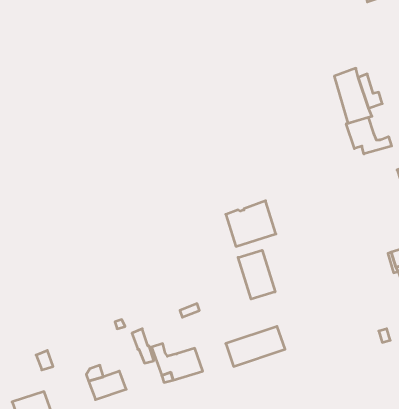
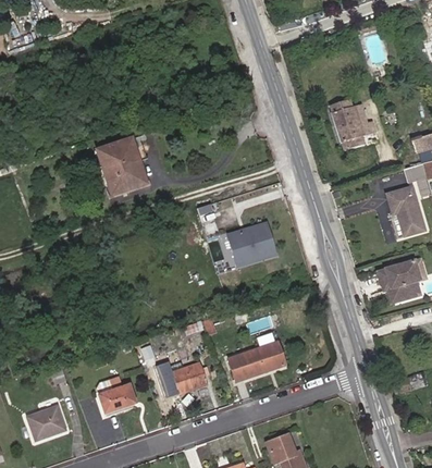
building: none -> [88,137,136,194]
building: [346,117,392,154] -> none
building: [238,250,275,299] -> none

